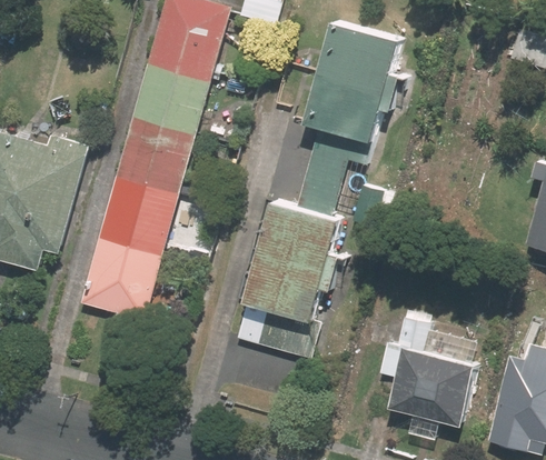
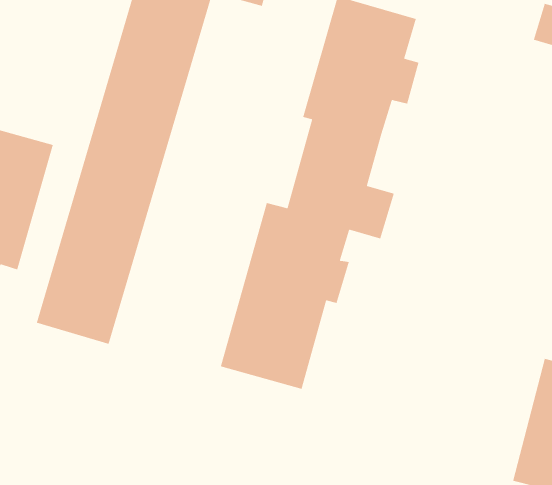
building: [373,312,479,426] -> none

